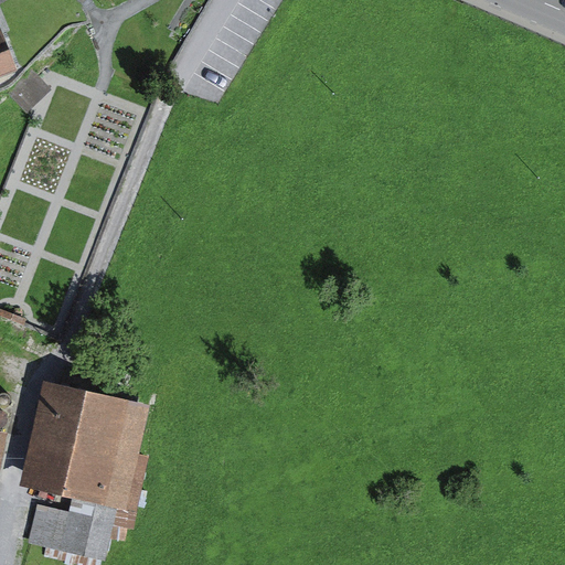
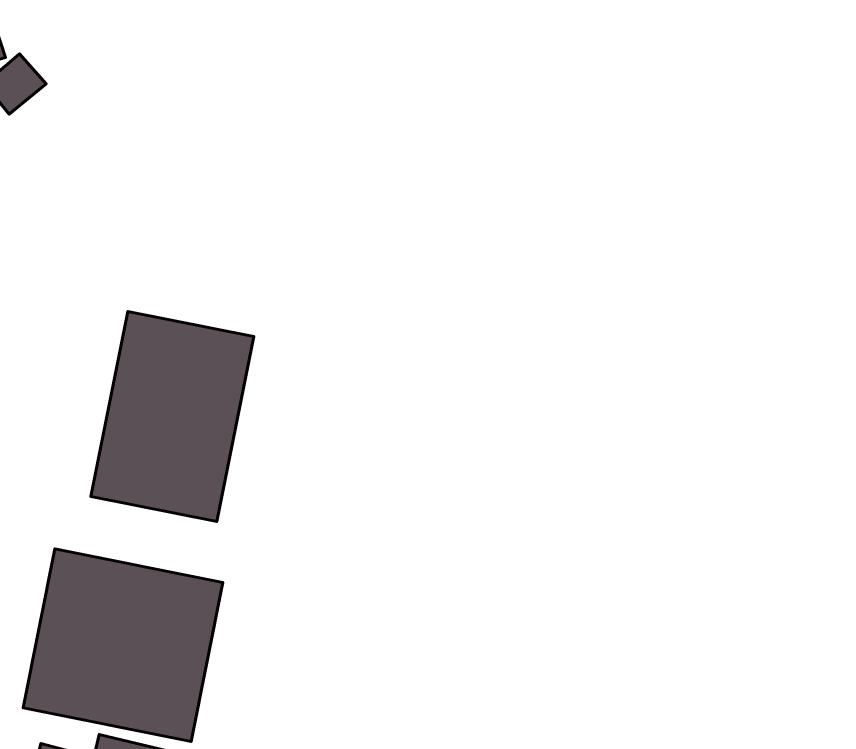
building: none -> [91,311,254,522]

